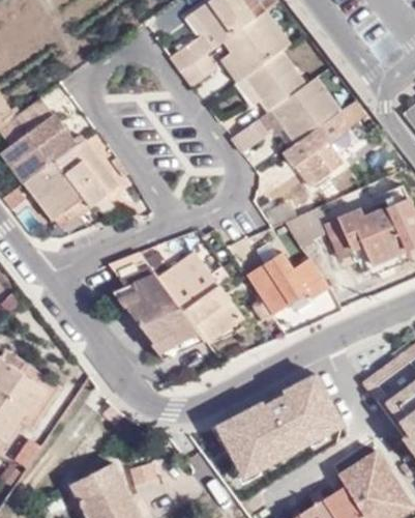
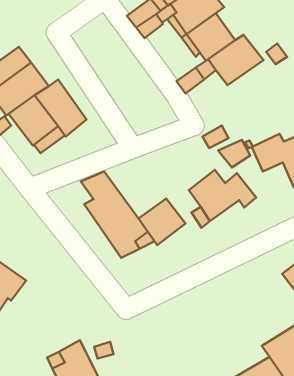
building: [289,115,355,190] -> none
building: [161,256,219,313] -> none
building: [215,374,343,479] -> none

